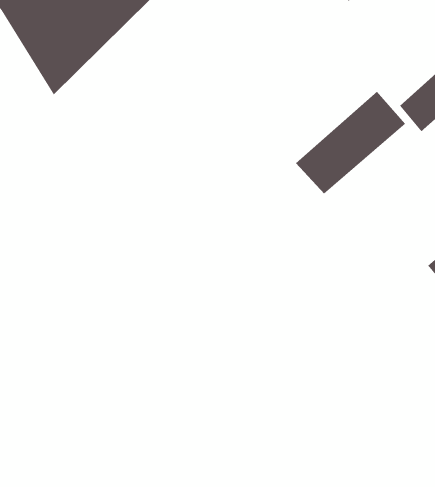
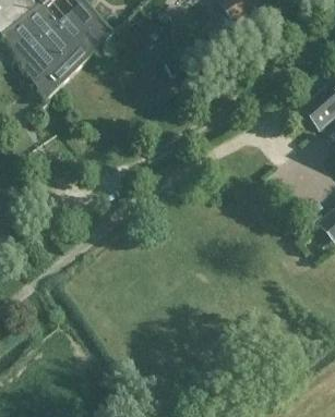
building: [295,91,406,195] -> none

